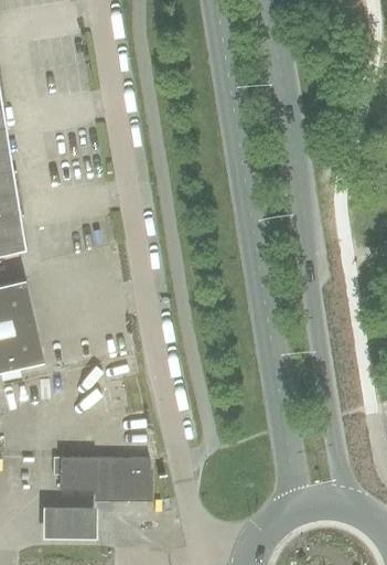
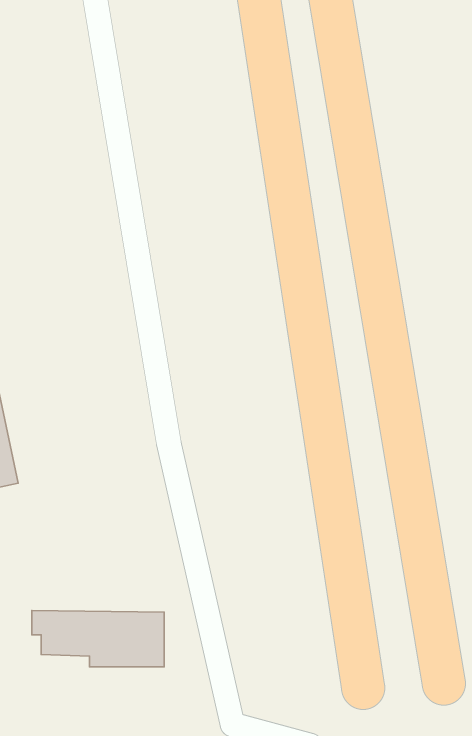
building: [43,508,96,539] -> none

